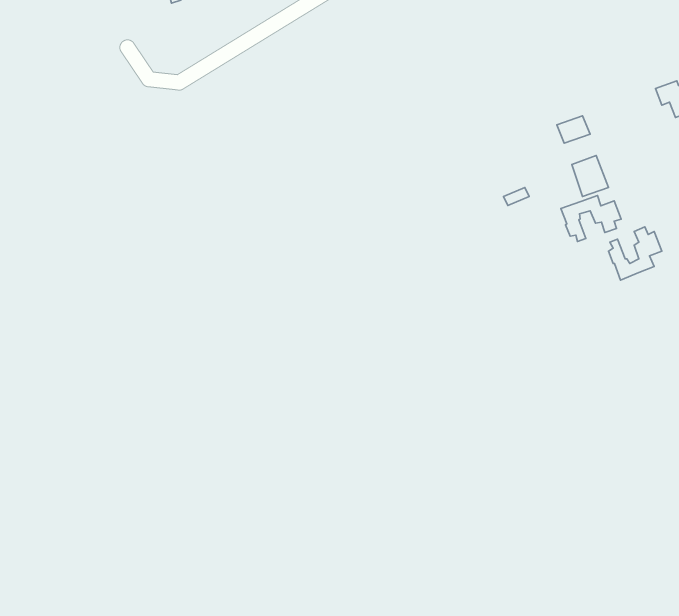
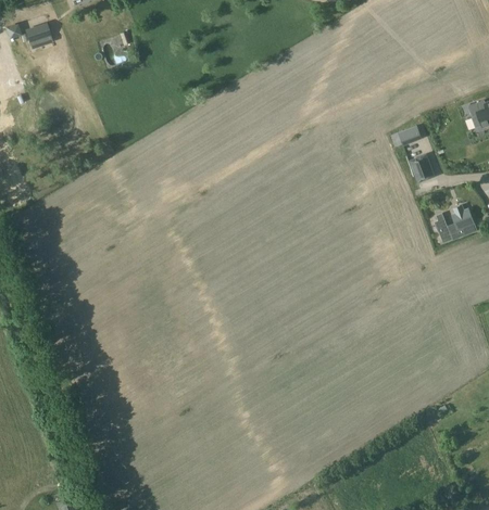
building: [561,196,621,241] -> none

